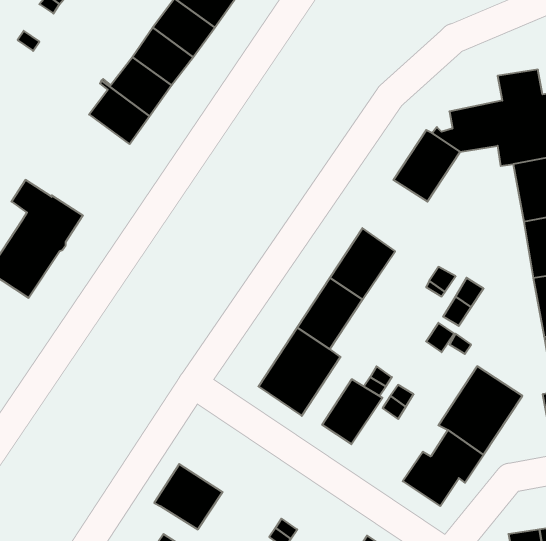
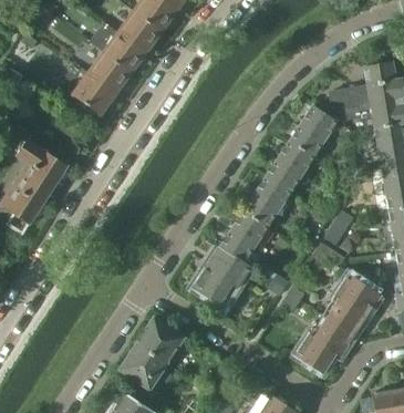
building: none -> [267,141,313,192]
building: [322,379,382,444] -> none
building: none -> [136,317,184,363]

